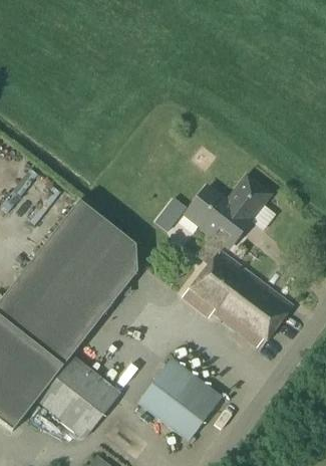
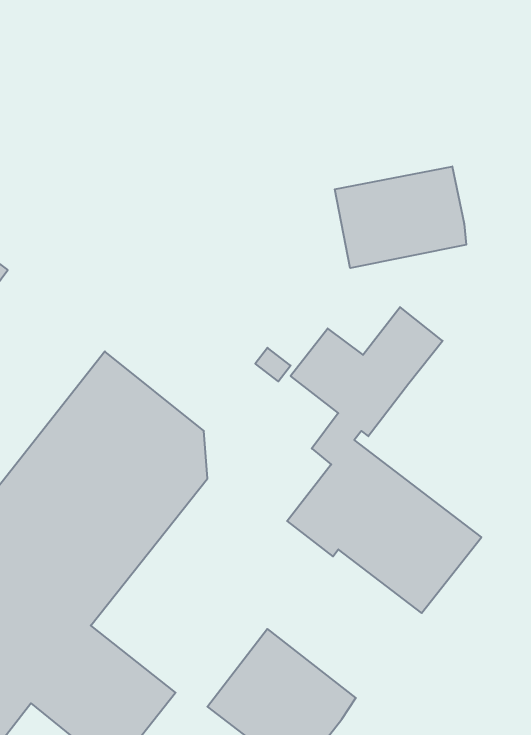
building: none -> [335,166,466,268]

